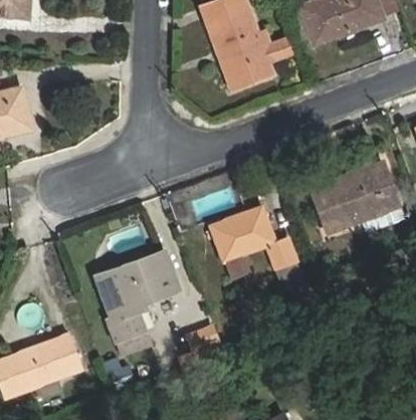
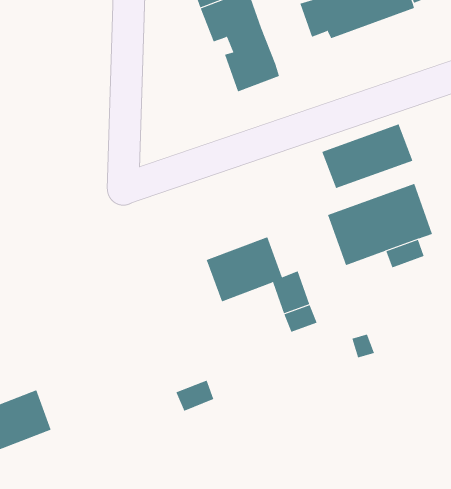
building: none -> [322,124,413,189]
building: [98,250,179,355] -> none

